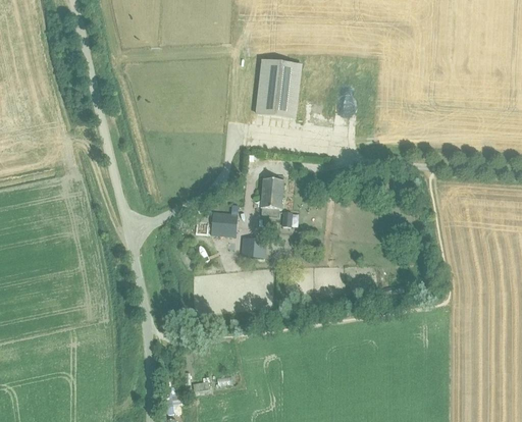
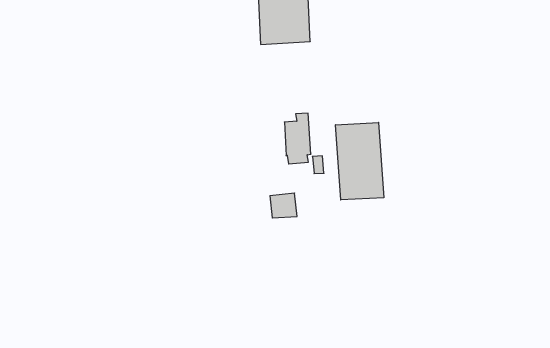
building: none -> [336,122,384,200]
building: [210,212,237,234] -> none

